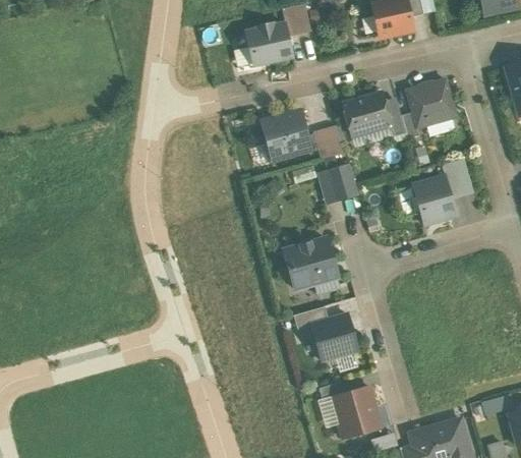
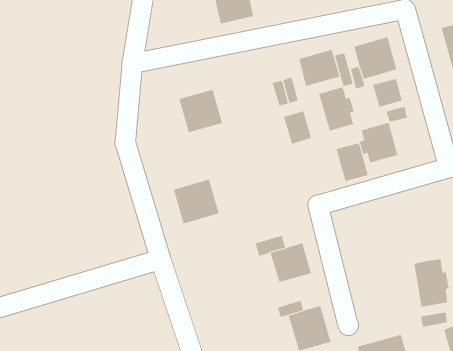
building: [260,111,311,161] -> [178,89,223,133]
building: none -> [373,78,403,107]
building: none -> [319,87,354,131]
building: none -> [336,142,368,182]
building: [284,238,337,290] -> [173,179,219,224]
building: none -> [414,258,449,308]

